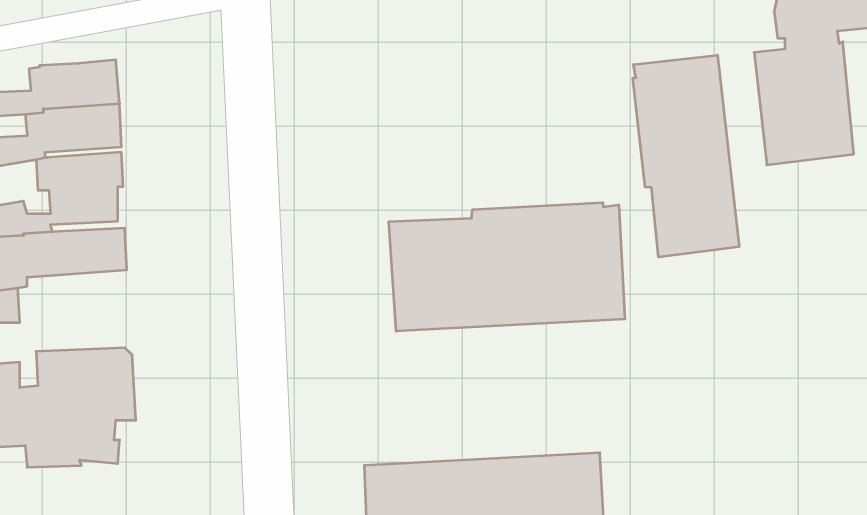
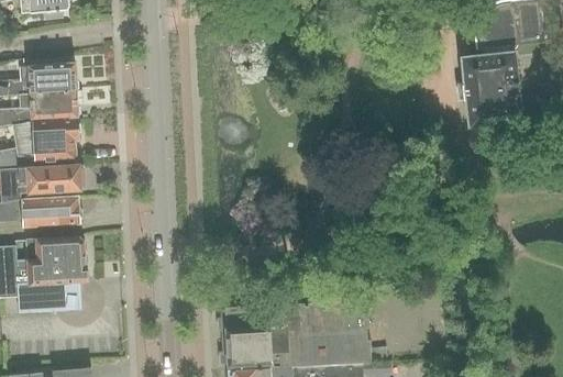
building: [633,55,739,257] -> none
building: [389,203,625,331] -> none
building: none -> [20,197,78,228]

